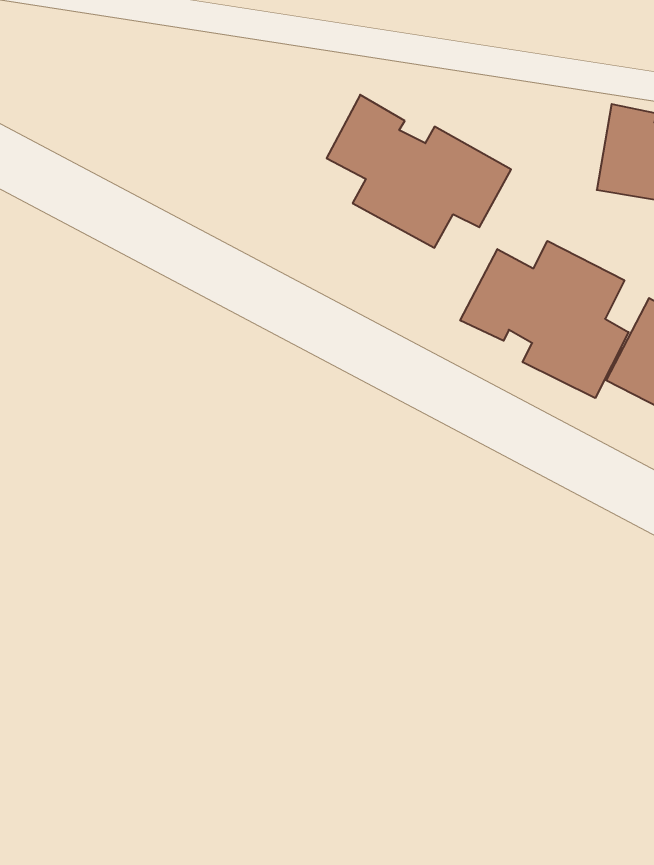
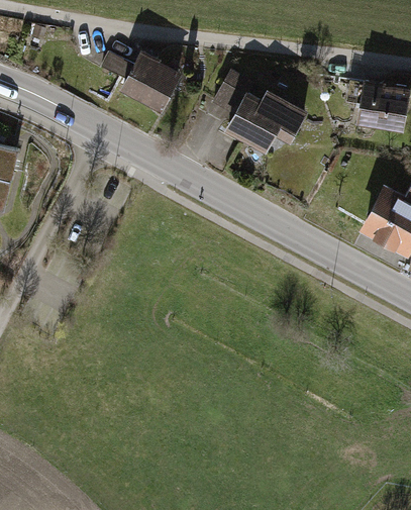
building: none -> [97,49,183,115]
building: [460,241,629,398] -> none

